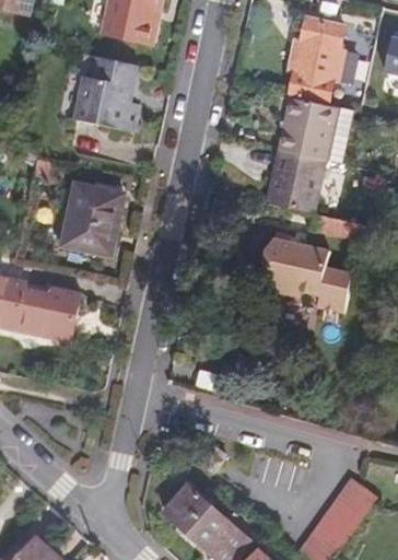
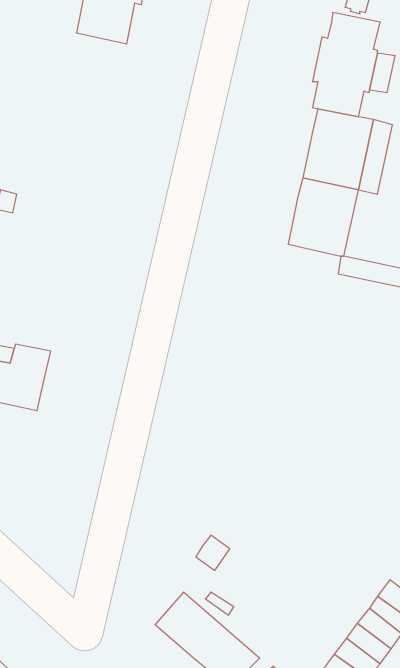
building: [72,54,138,127] -> none
building: [62,183,124,253] -> none
building: [264,231,352,310] -> none

